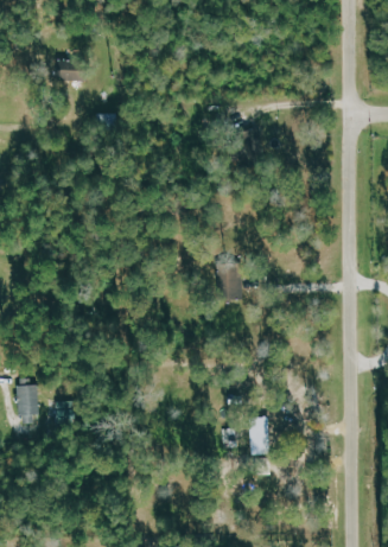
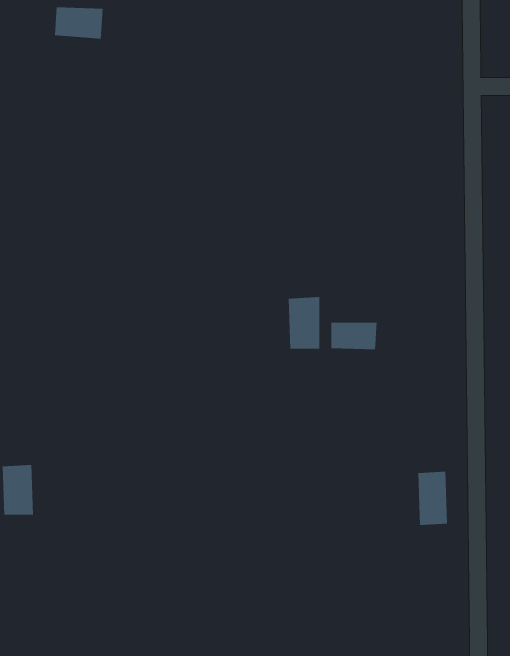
building: none -> [331,322,377,350]
building: [249,416,271,454] -> [417,471,448,526]

